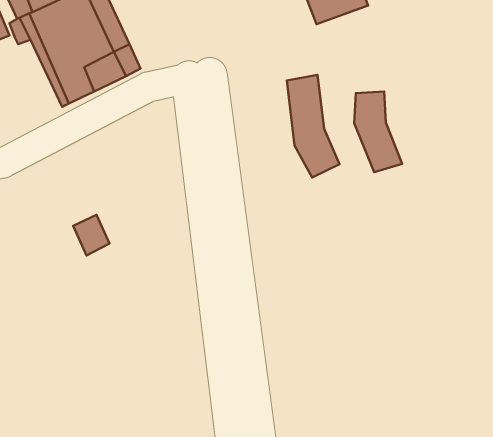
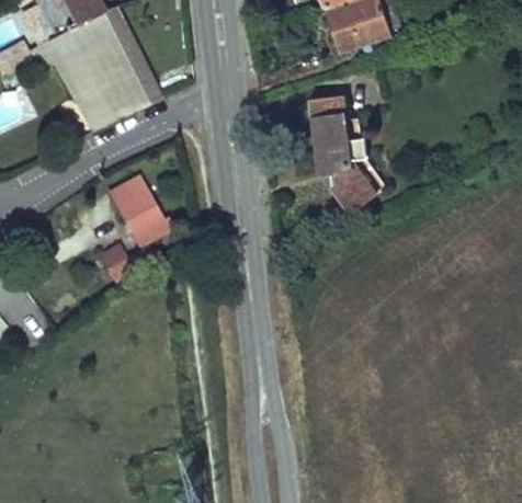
building: [354,91,402,172] -> none
building: none -> [109,176,159,232]

